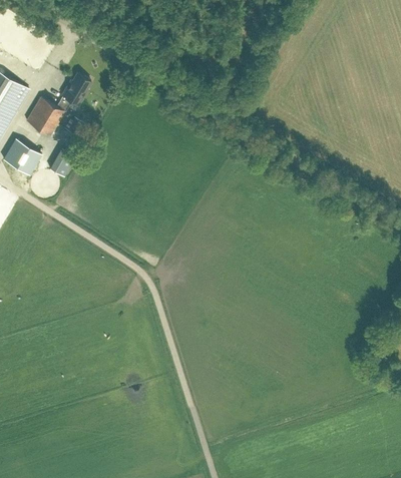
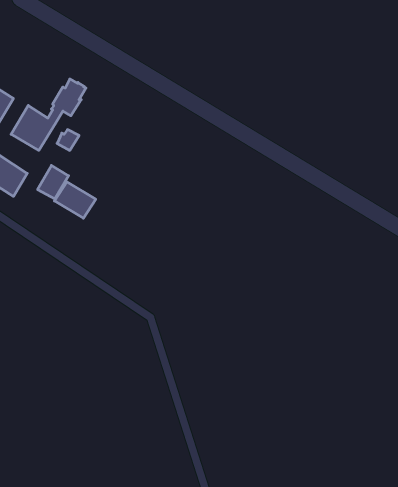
building: none -> [54,182,96,218]

